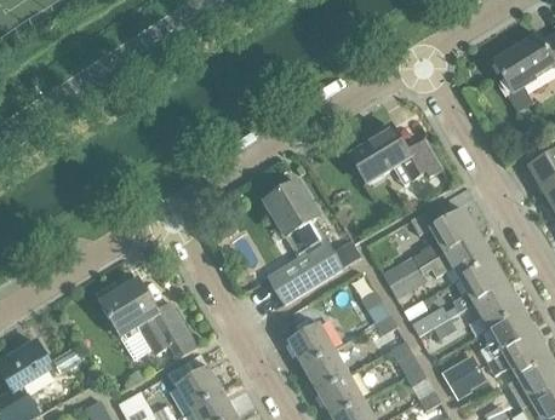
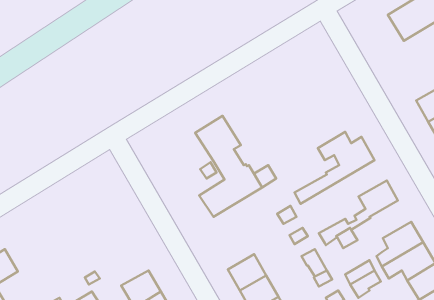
building: [350,125,441,186] -> none
building: [389,235,492,299] -> none
building: [98,278,196,358] -> none
building: [471,283,521,328] -> none
building: [287,322,333,366] -> none

